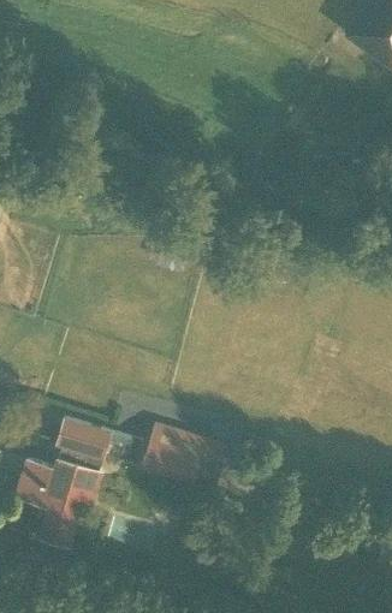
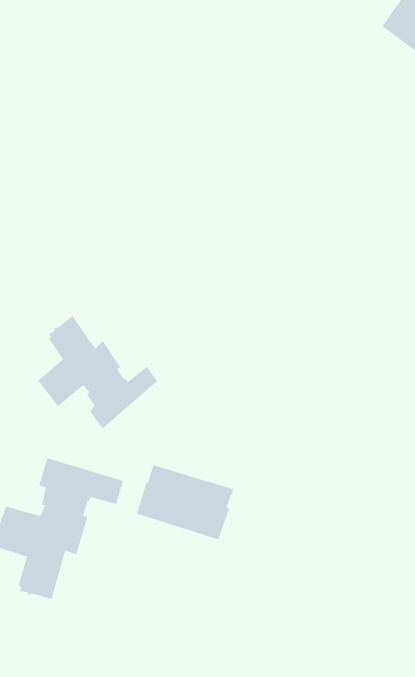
building: none -> [38,315,158,429]

